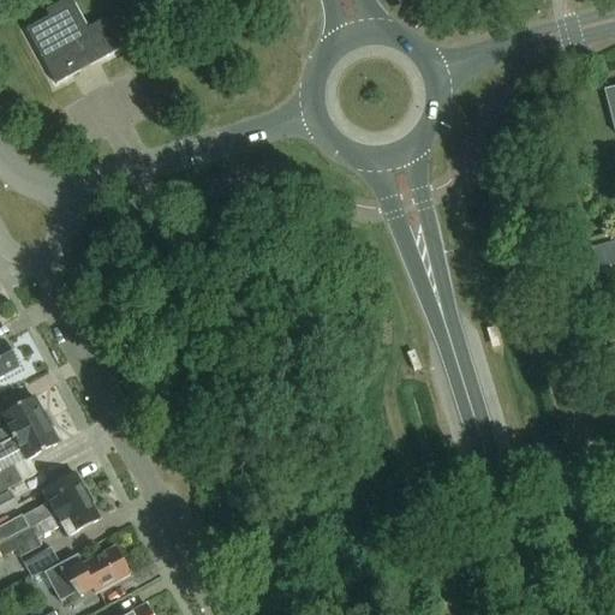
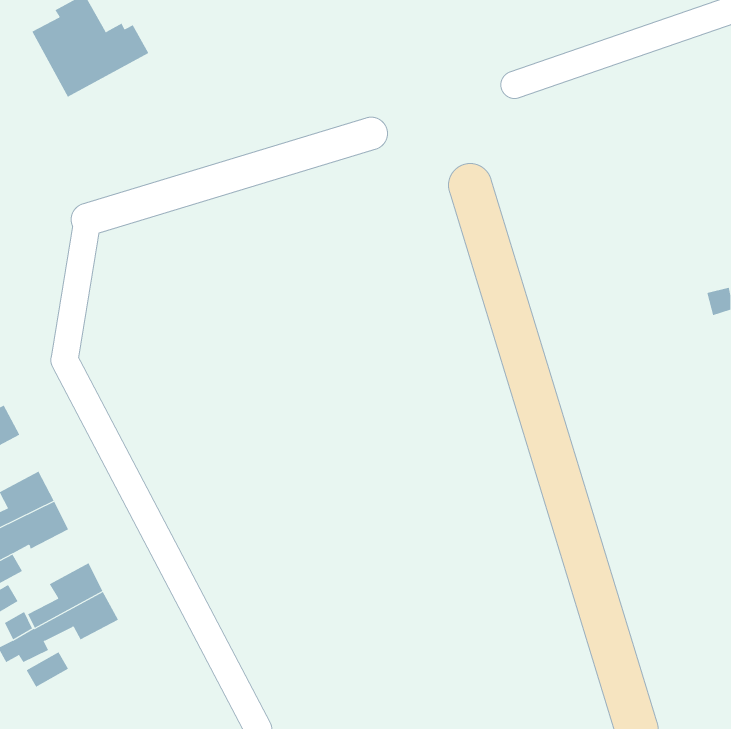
building: [43,542,129,602] -> none

